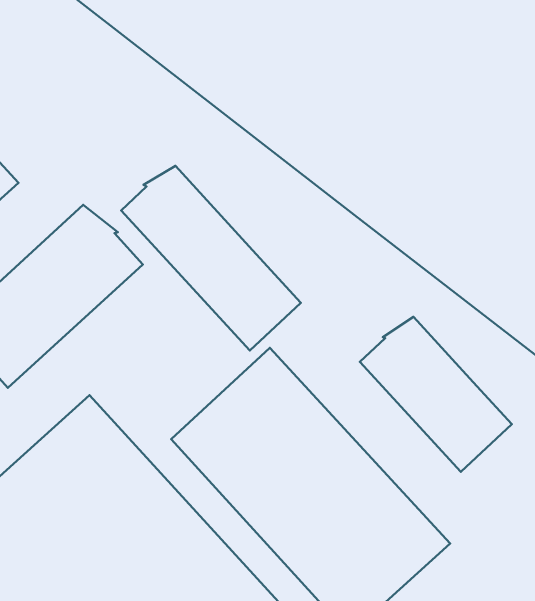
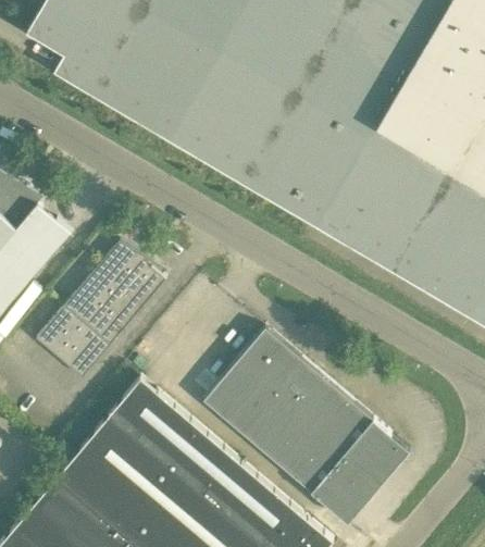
building: [121,166,301,350] -> none
building: [360,317,512,472] -> none

